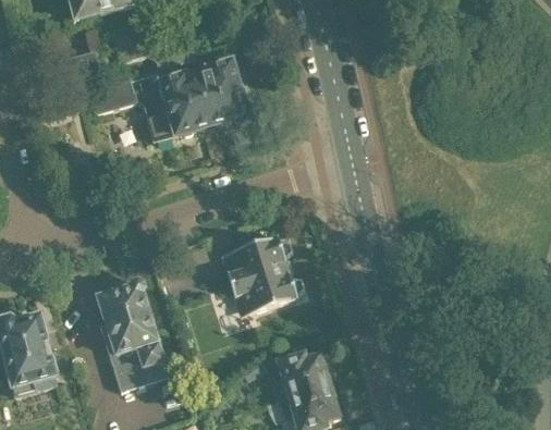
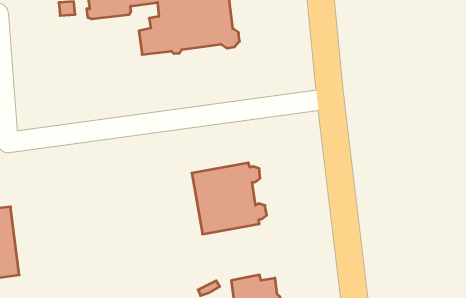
building: [98,281,172,391] -> none

